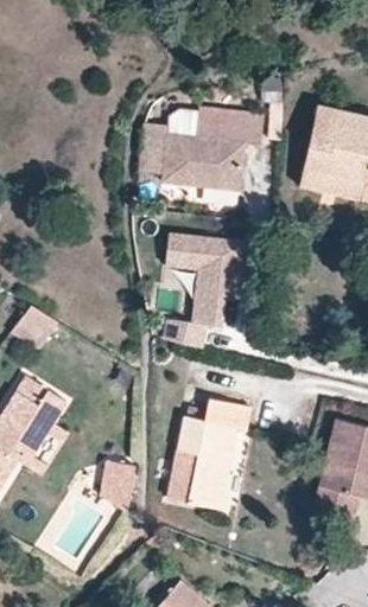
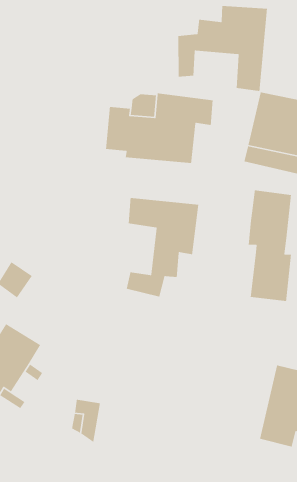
building: none -> [177,5,268,92]
building: none -> [248,189,292,302]
building: [167,398,250,509] -> none

